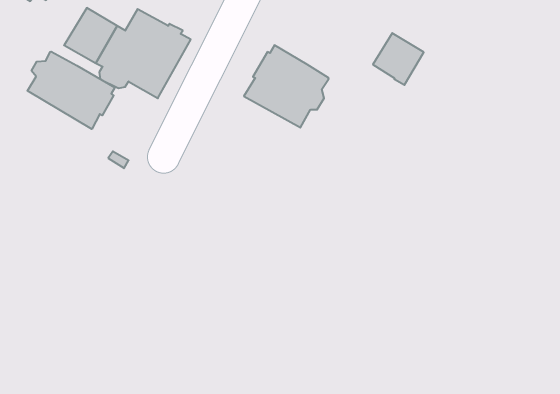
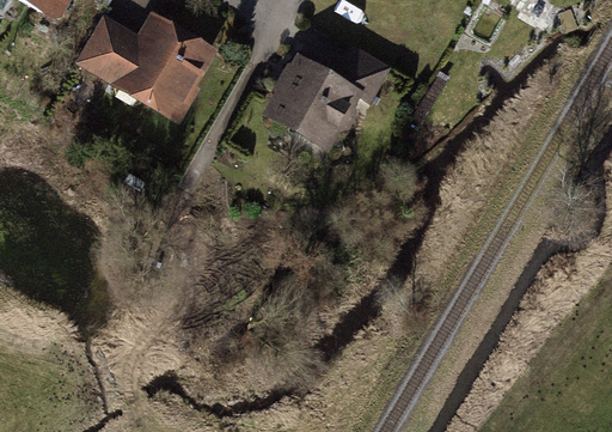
building: [373,33,424,85] -> [335,44,388,99]
building: [27,52,115,129] -> none

